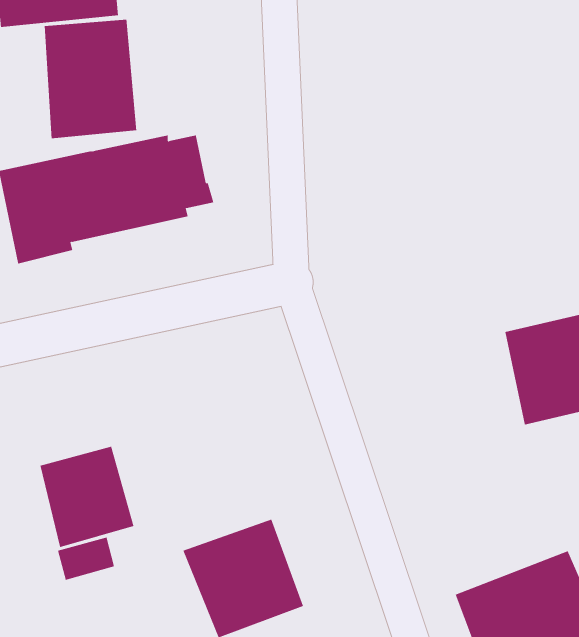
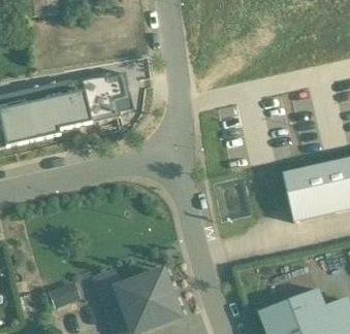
building: [44,19,137,139] -> none
building: [40,446,134,548] -> none

